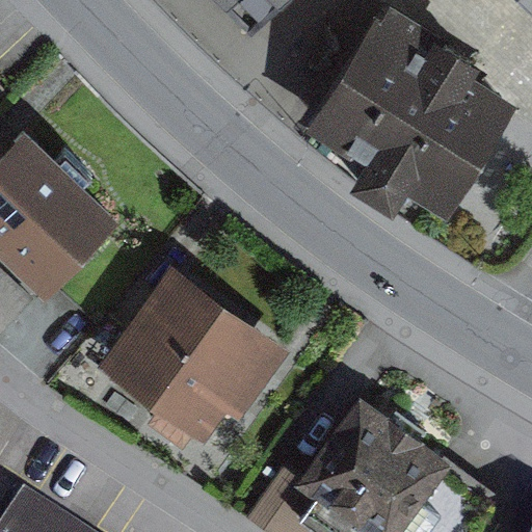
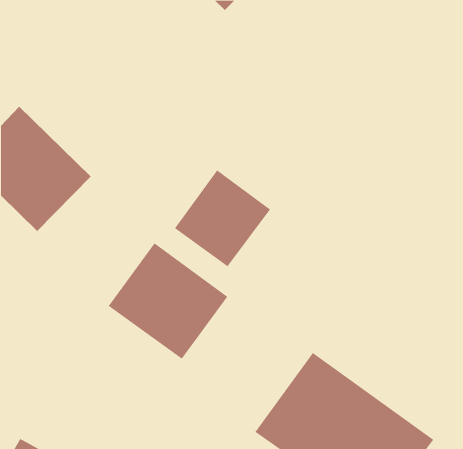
building: [324,24,511,211] -> none
building: none -> [174,170,271,267]

